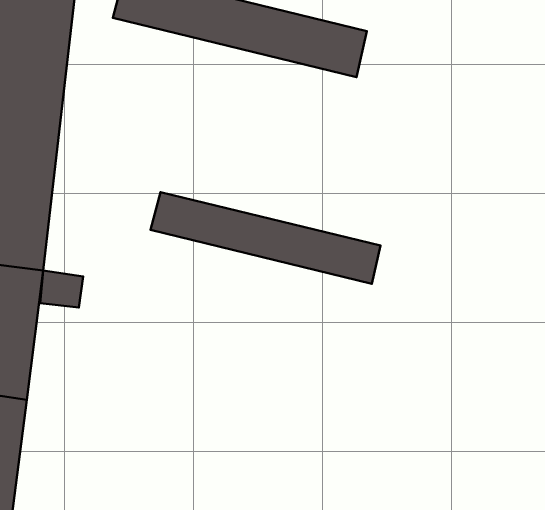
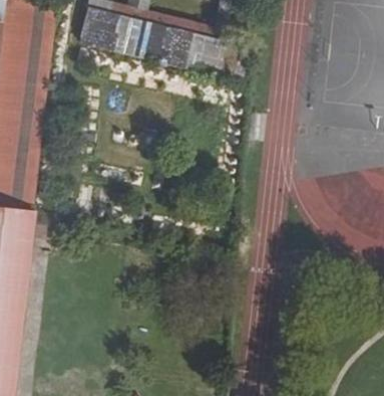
building: [151,192,381,284] -> none

